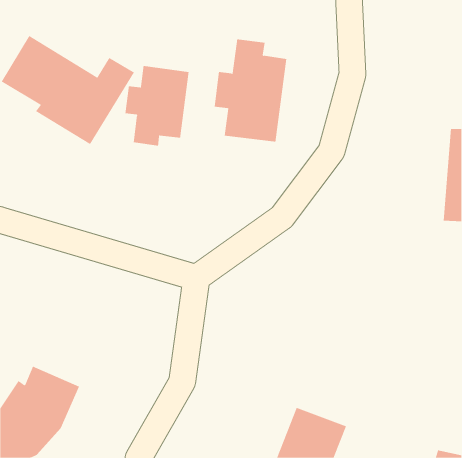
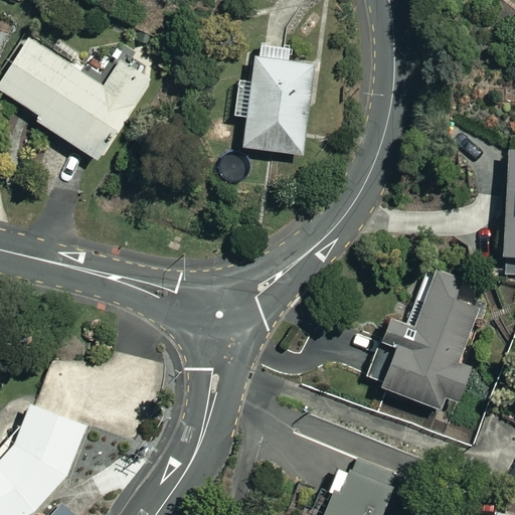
building: [125,65,189,146] -> none
building: none -> [365,263,478,400]

